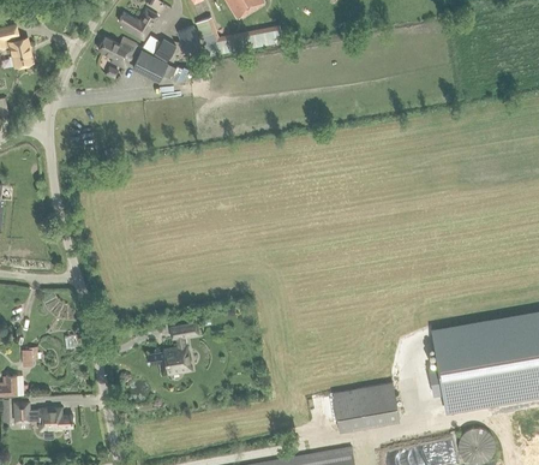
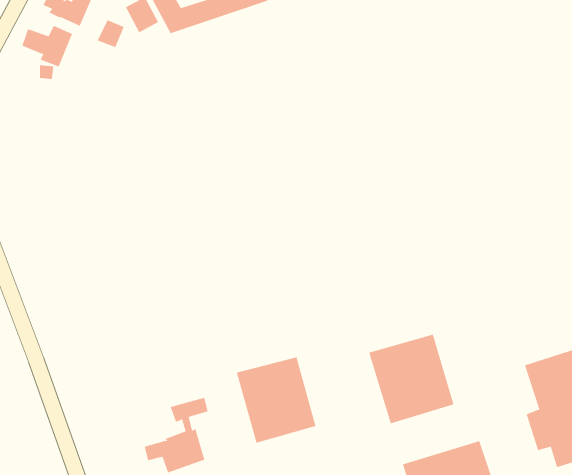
building: [132,50,174,82] -> none
building: none -> [369,334,454,424]
building: none -> [236,356,316,443]

